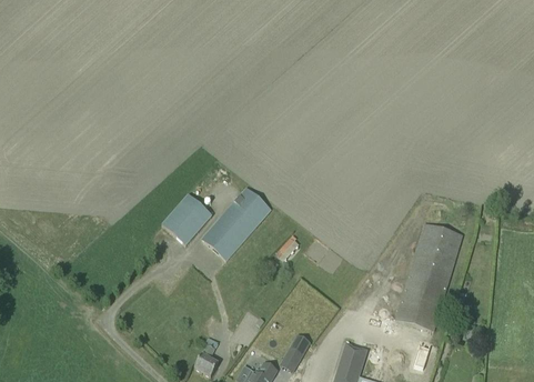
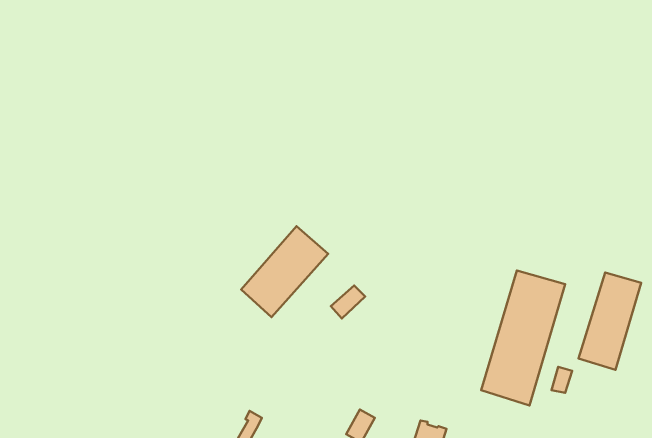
building: [161,194,212,244] -> none
building: none -> [579,272,641,370]

